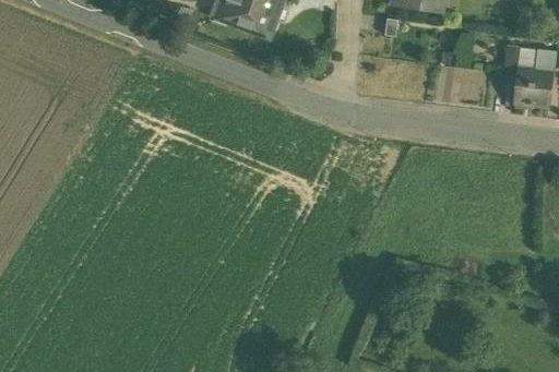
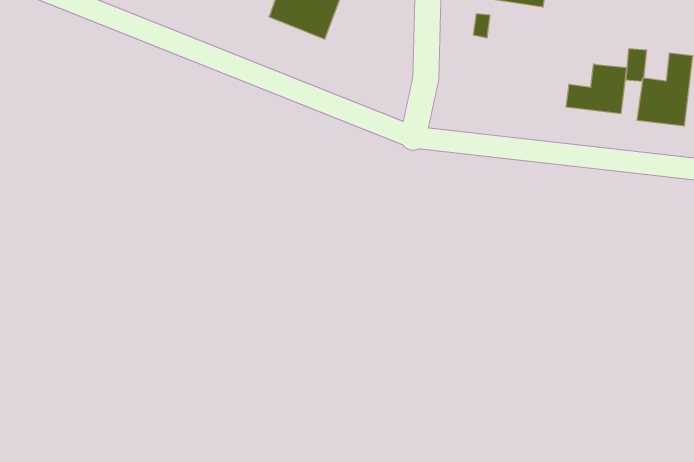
building: none -> [566,64,627,114]

